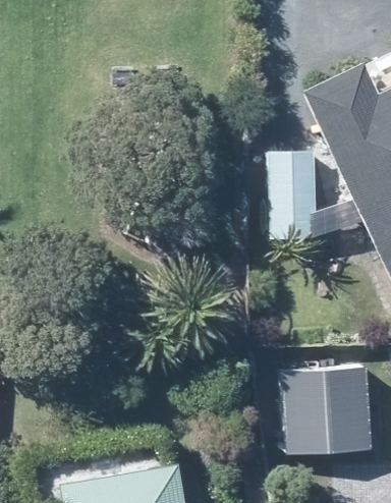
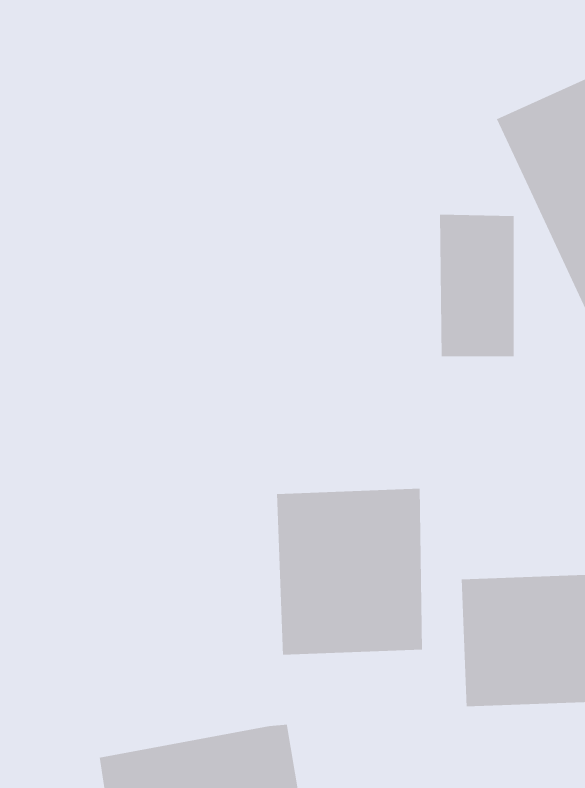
building: none -> [276,488,423,655]

